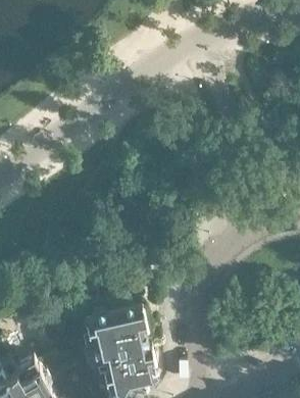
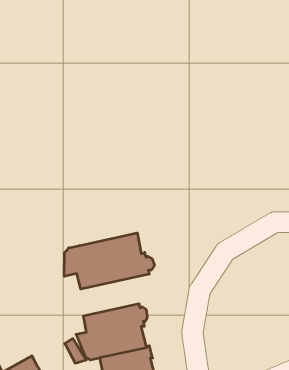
building: none -> [64,233,154,289]

